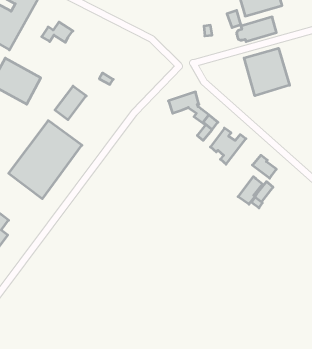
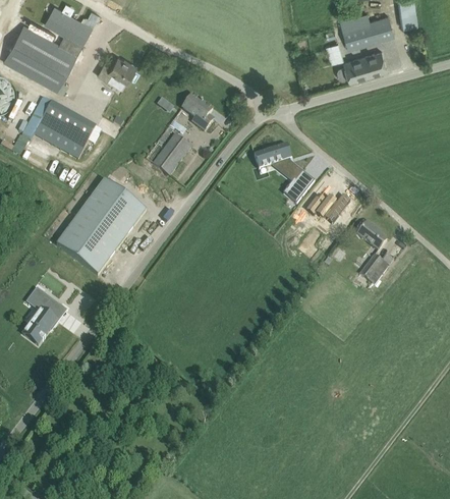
building: [244,48,290,96] -> none
building: none -> [182,94,214,129]
building: [55,86,86,120] -> [153,133,191,175]
building: [238,177,262,204] -> none

